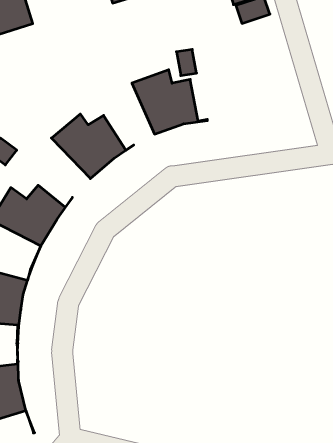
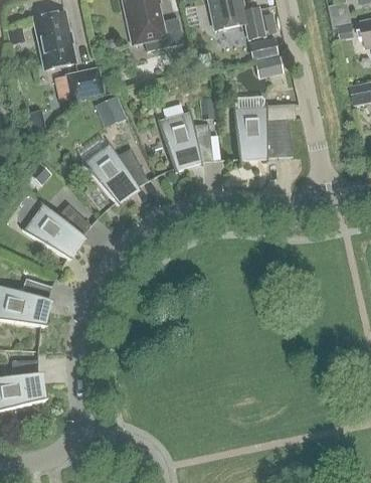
building: none -> [63,65,104,99]
building: none -> [220,95,292,159]
building: none -> [94,94,126,126]

